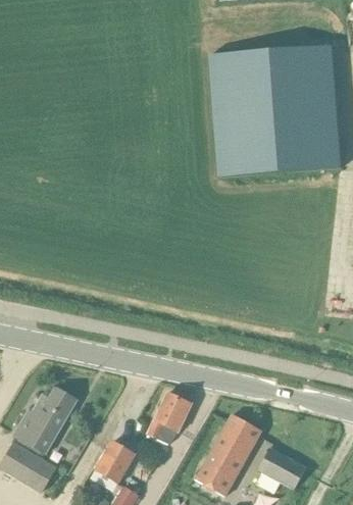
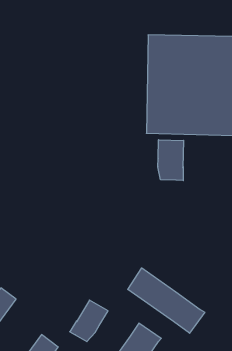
building: none -> [158,140,184,181]
building: none -> [128,268,205,333]

